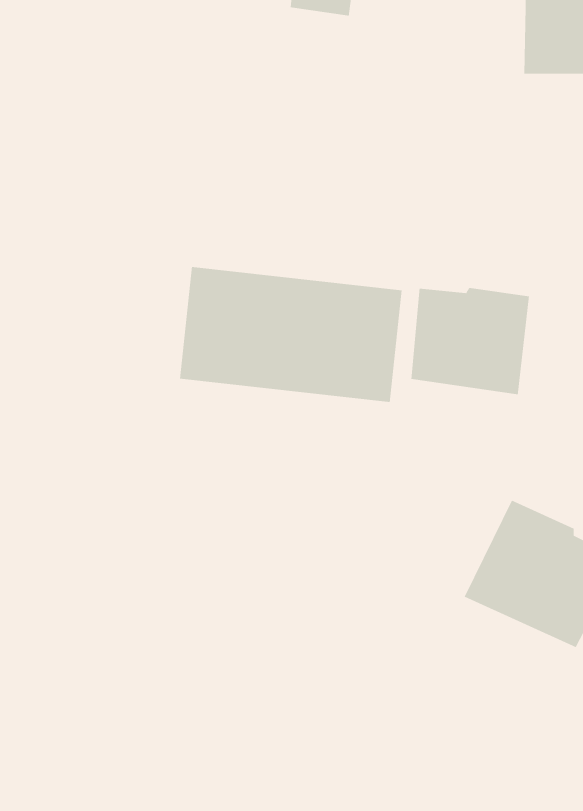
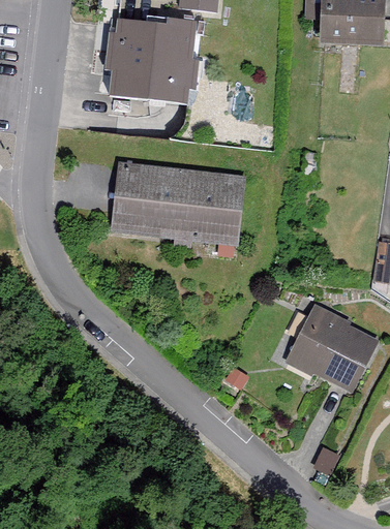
building: none -> [106,18,200,102]
building: [411,287,530,395] -> none

